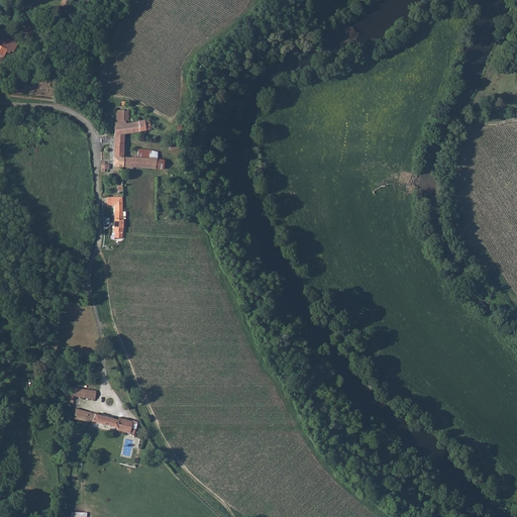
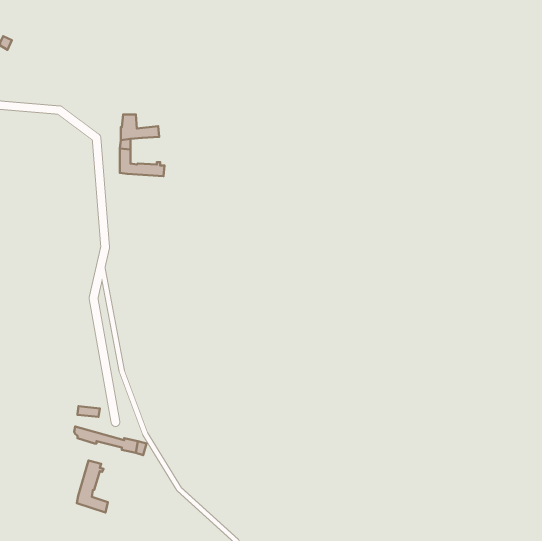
building: [108,195,124,237] -> none
building: none -> [77,461,108,513]

